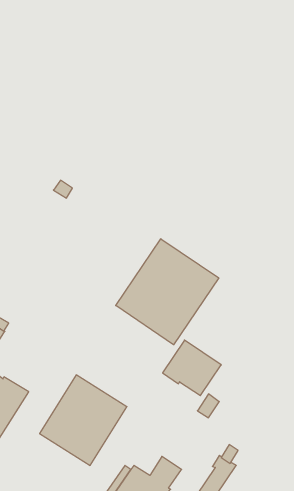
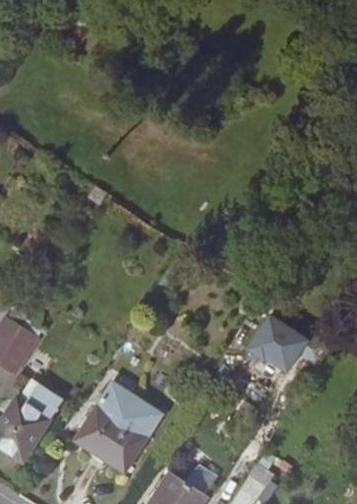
building: [116,239,219,345] -> none
building: [163,340,221,396] -> [250,317,309,373]

